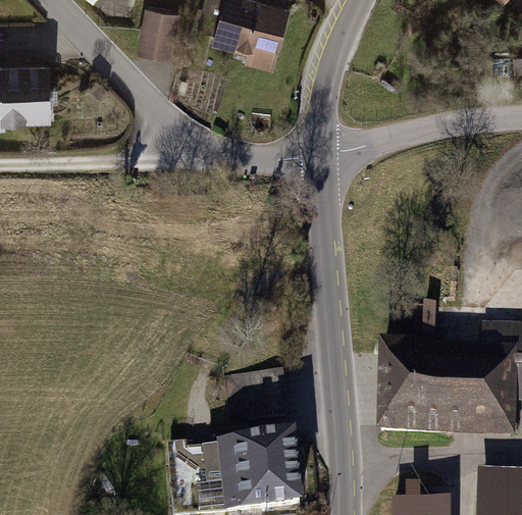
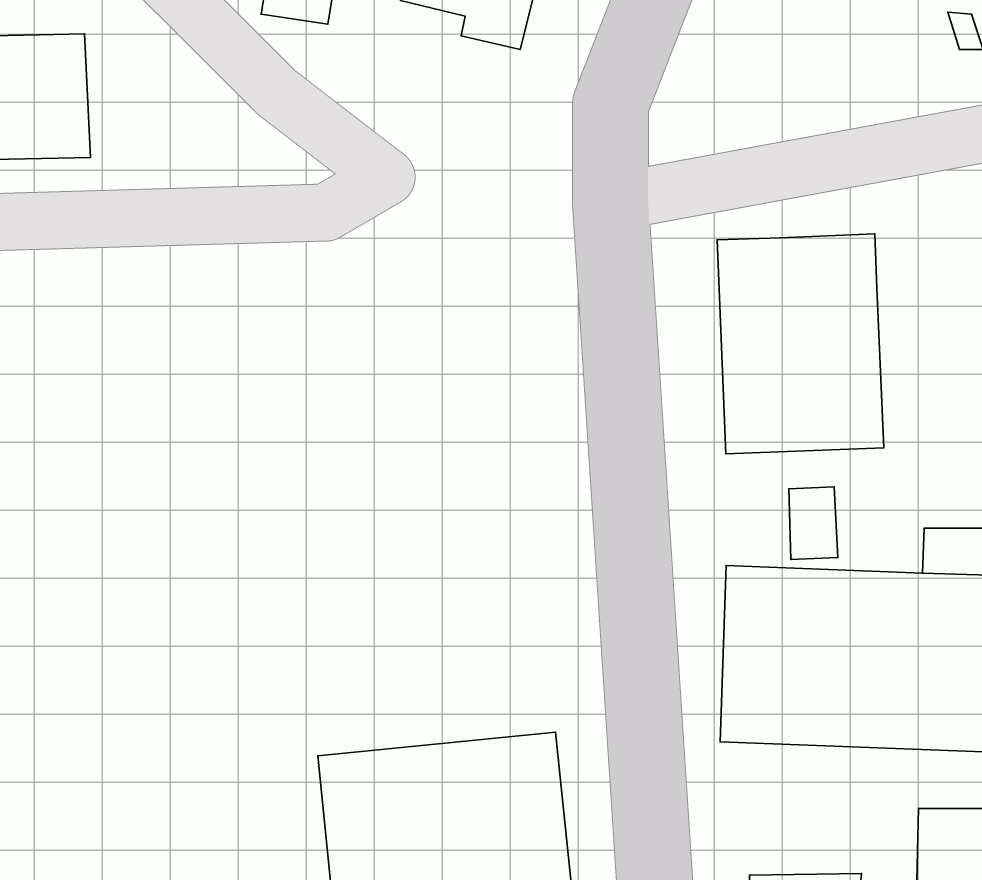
building: none -> [717,234,884,454]

